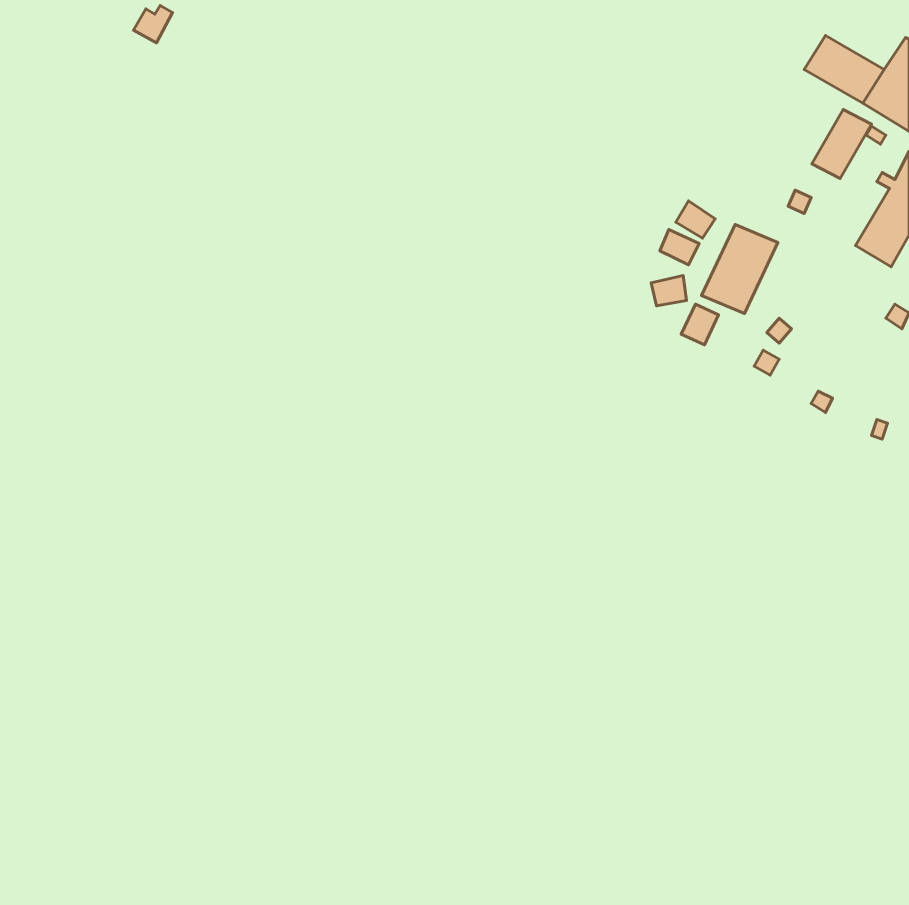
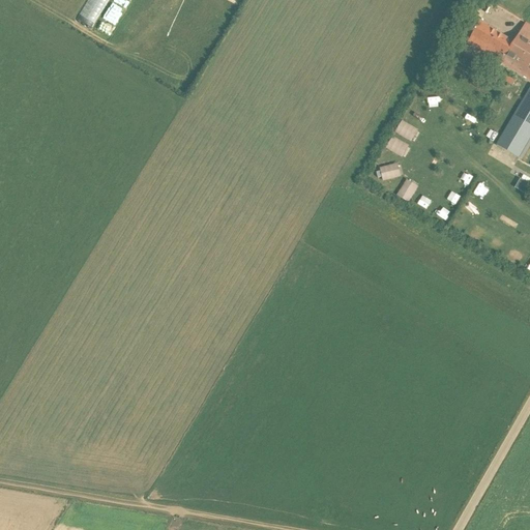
building: [812,110,871,178] -> none
building: [702,225,778,314] -> none

